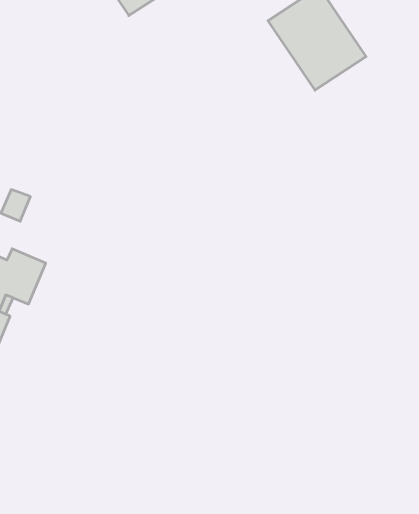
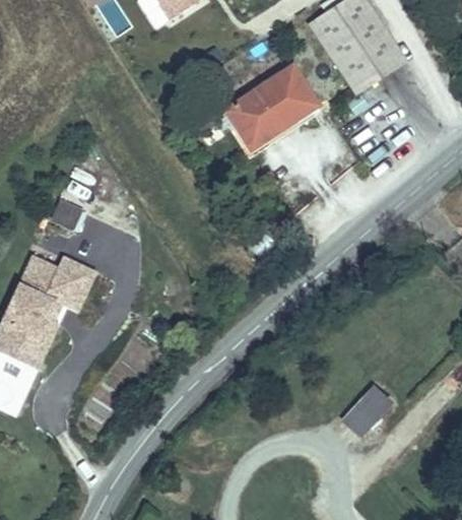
building: none -> [219,67,320,149]
building: none -> [347,389,392,436]

